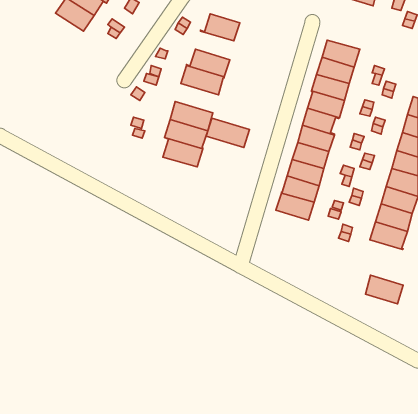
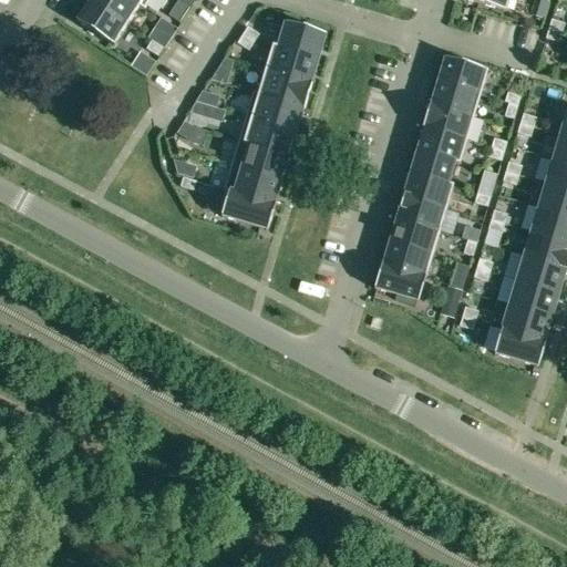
building: none -> [265,42,317,81]
building: [206,118,249,148] -> [237,113,296,153]
building: [366,275,403,304] -> [494,324,545,363]

